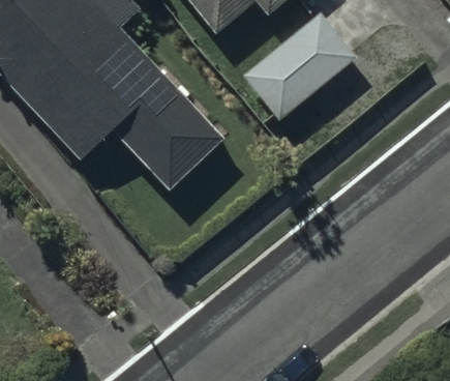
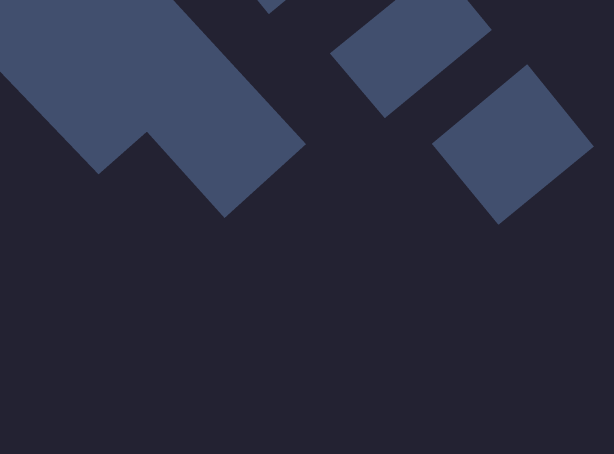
building: none -> [431,63,595,226]

